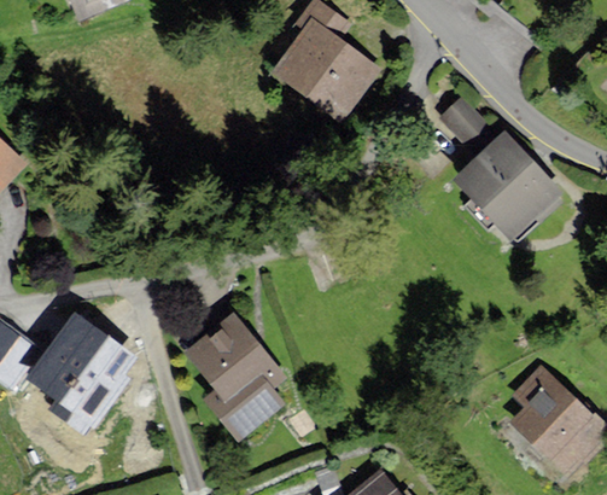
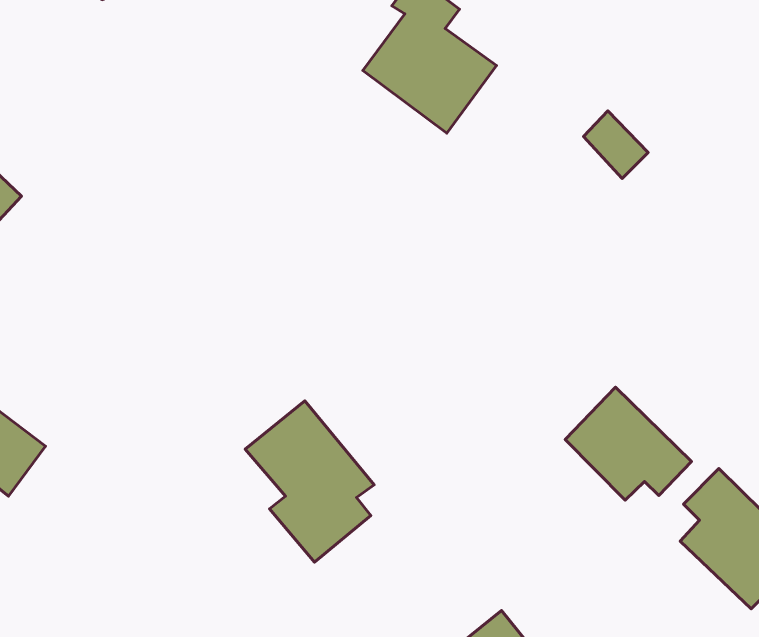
building: [455,133,556,234] -> none
building: none -> [565,387,691,500]
building: [33,316,130,420] -> none

